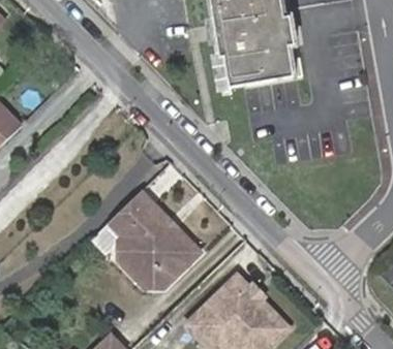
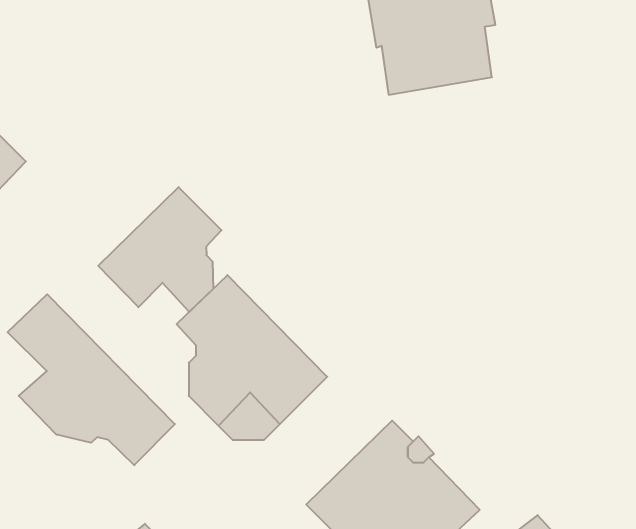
building: none -> [98,187,222,312]
building: none -> [8,294,175,465]

